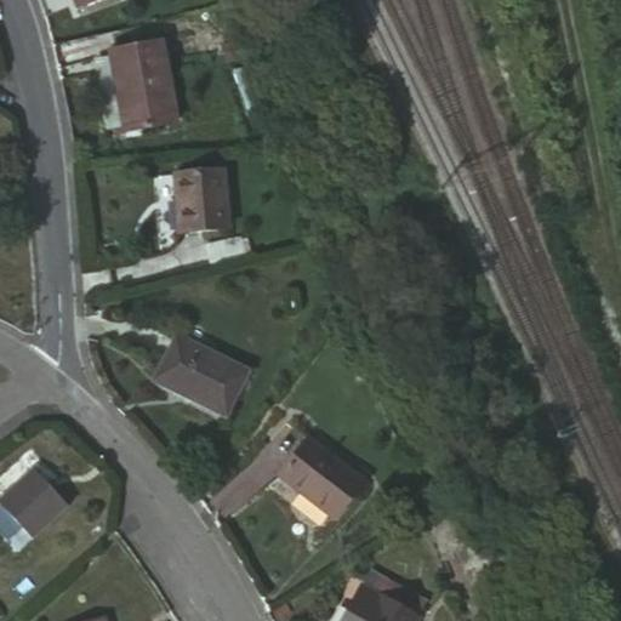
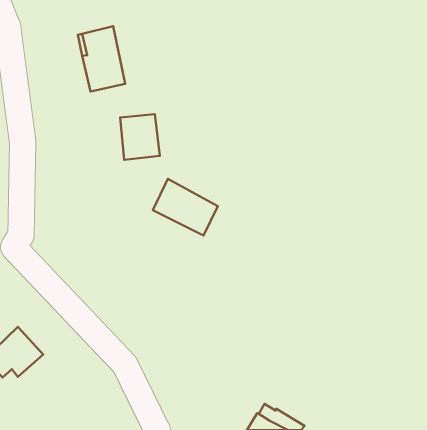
building: [149,338,243,420] -> [153,179,218,236]
building: [280,438,363,518] -> none

